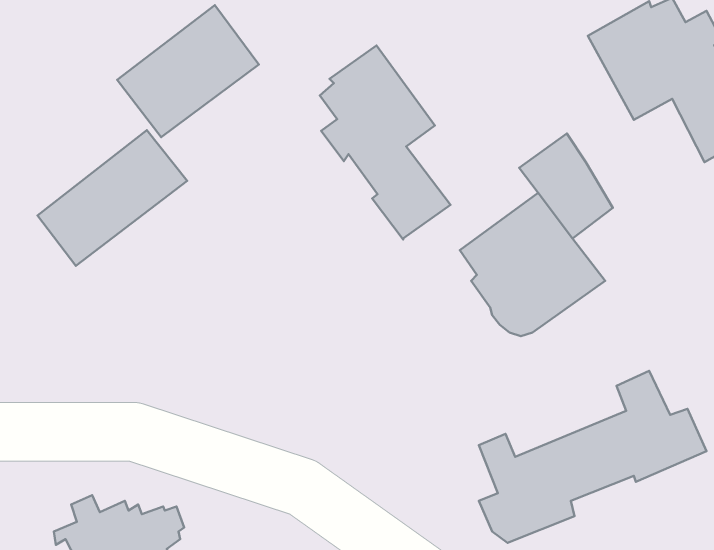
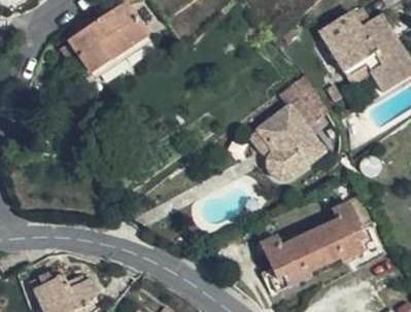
building: [320,46,450,240] -> none
building: [37,130,187,266] -> none

